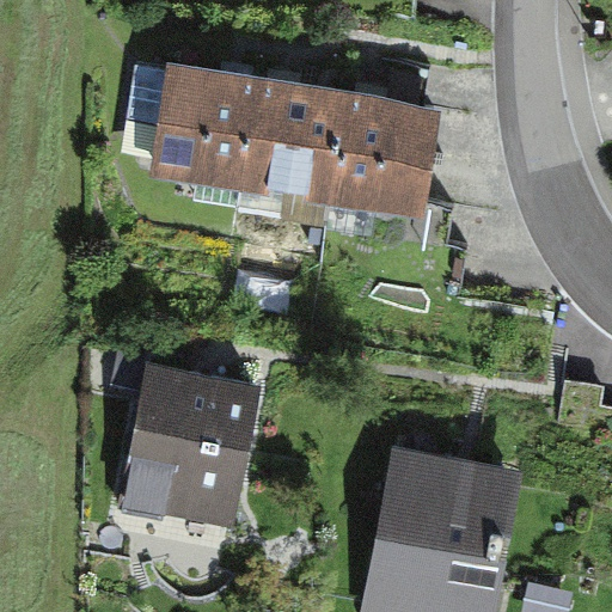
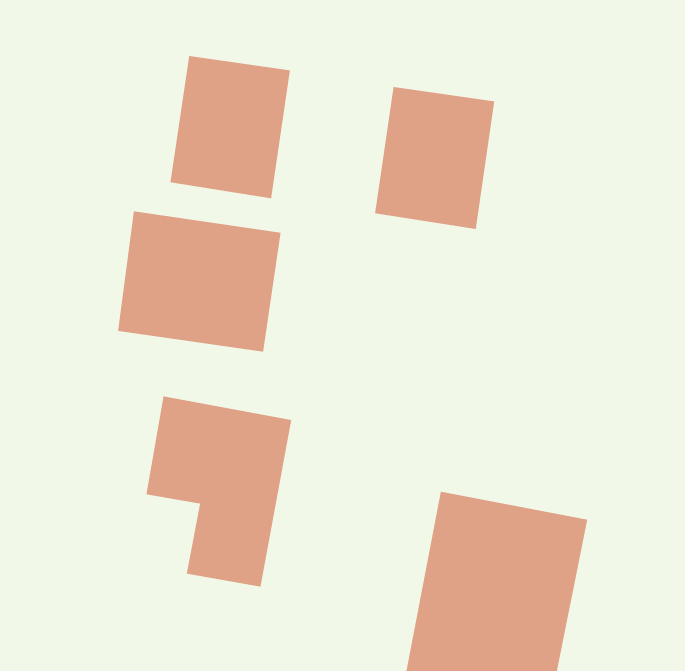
building: [241,76,349,204] -> none
building: none -> [117,211,282,353]

